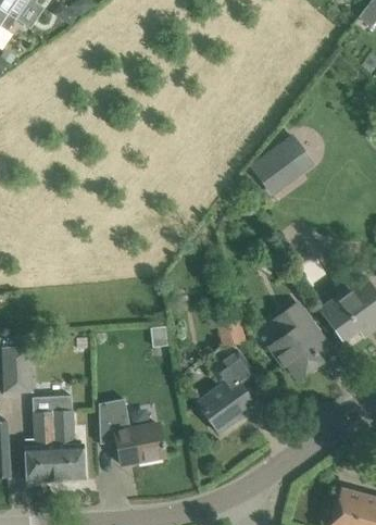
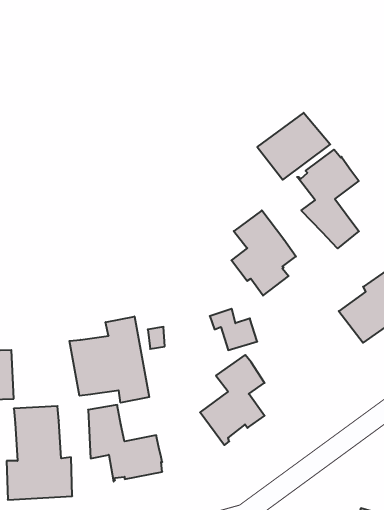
building: none -> [297,150,359,248]
building: [270,303,327,379] -> [231,210,296,296]
building: none -> [69,316,149,403]

